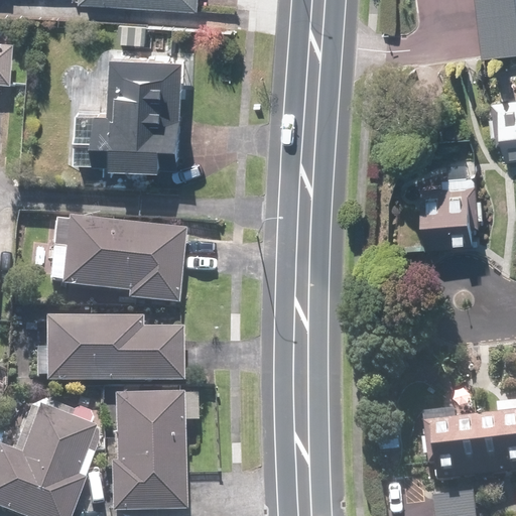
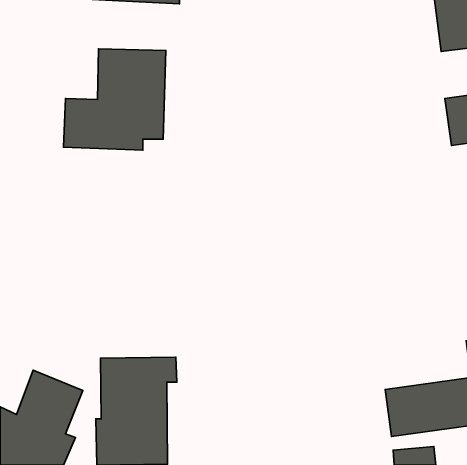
building: [426,181,481,243] -> none
building: [50,220,183,299] -> none
building: [44,314,184,381] -> none

